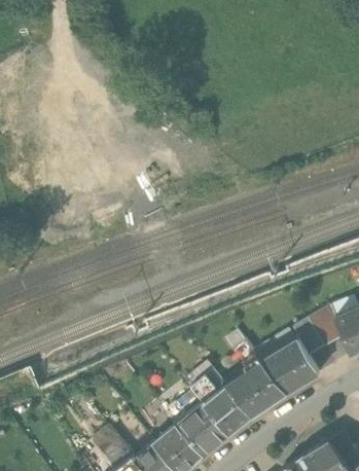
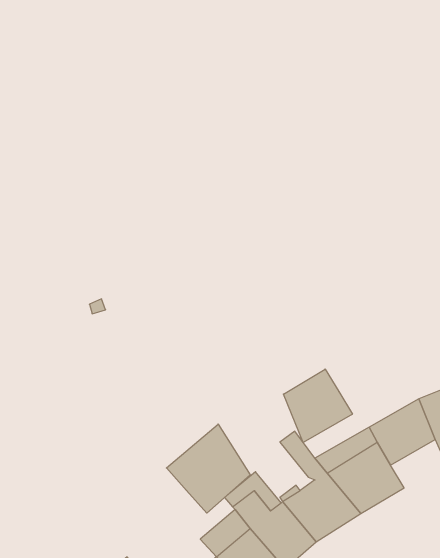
building: none -> [283,369,352,443]
building: none -> [166,424,250,513]

